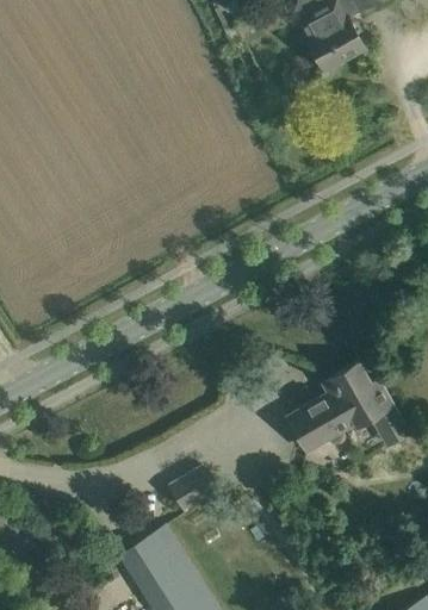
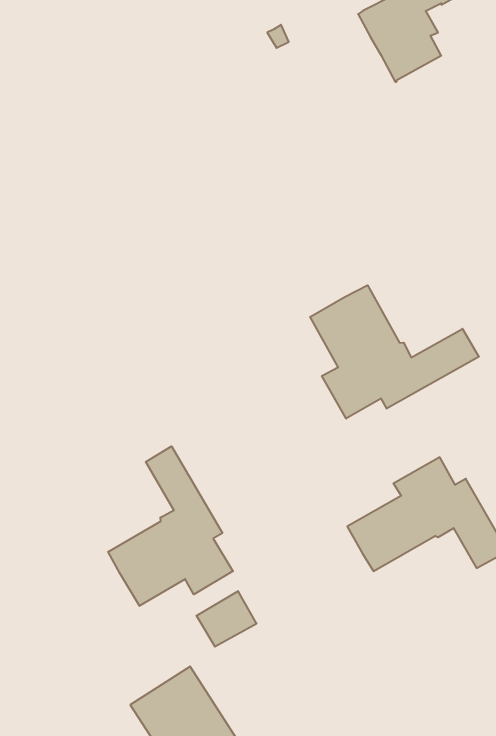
building: none -> [310,285,479,419]
building: none -> [108,446,233,606]

